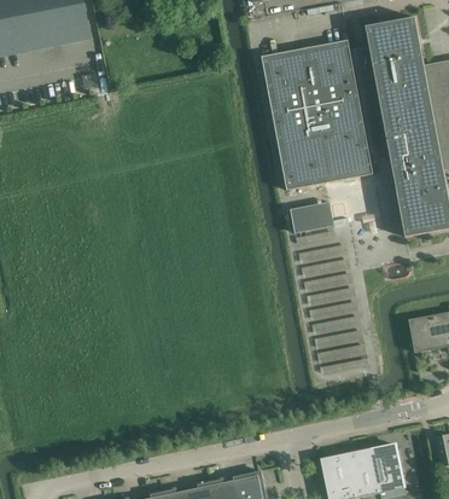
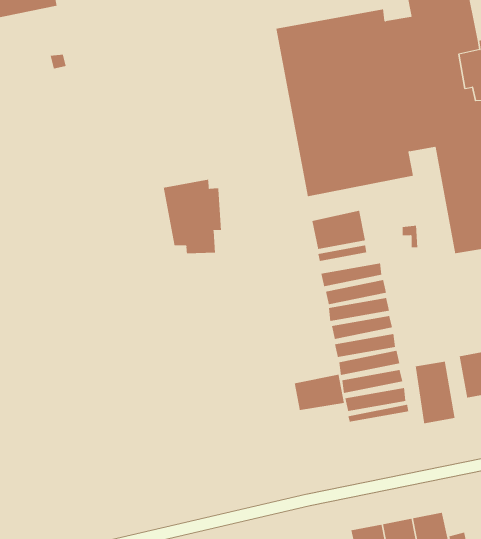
building: none -> [163,179,222,254]
building: none -> [415,361,455,424]
building: none -> [294,374,345,411]

